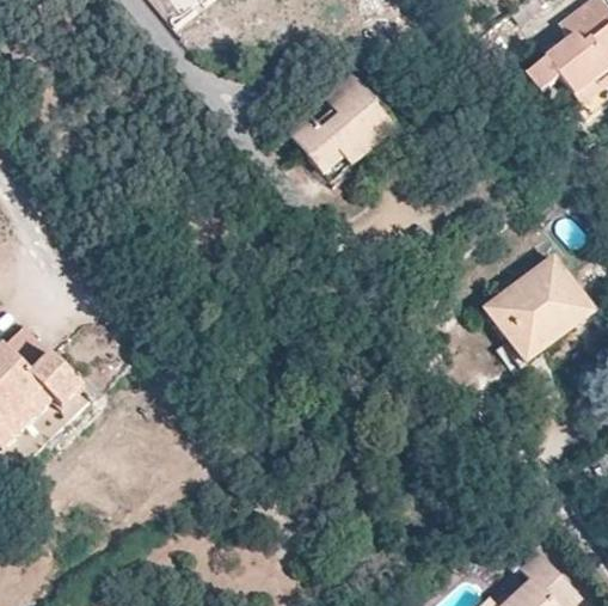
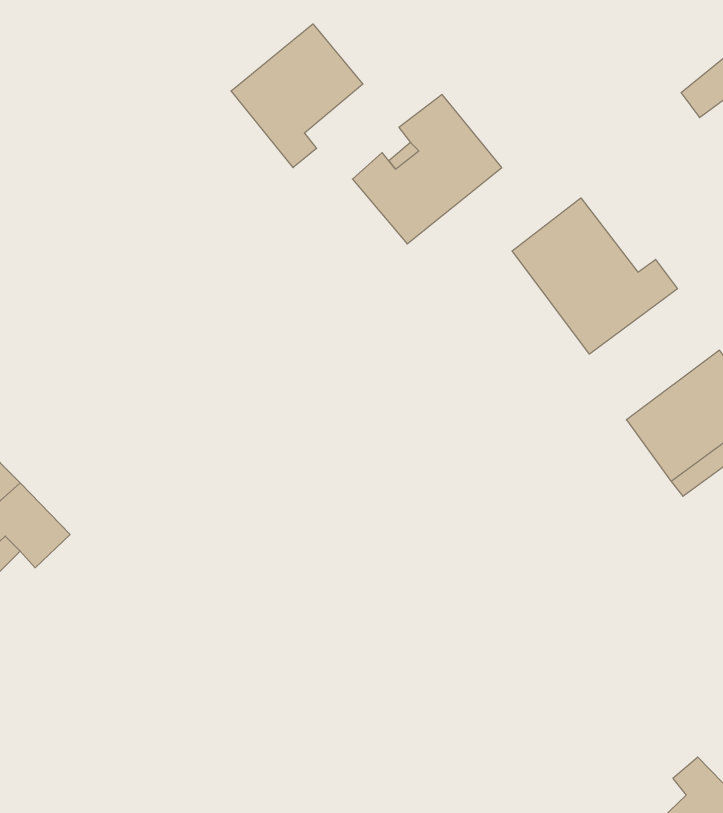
building: none -> [231,24,363,168]
building: none -> [512,198,677,354]

